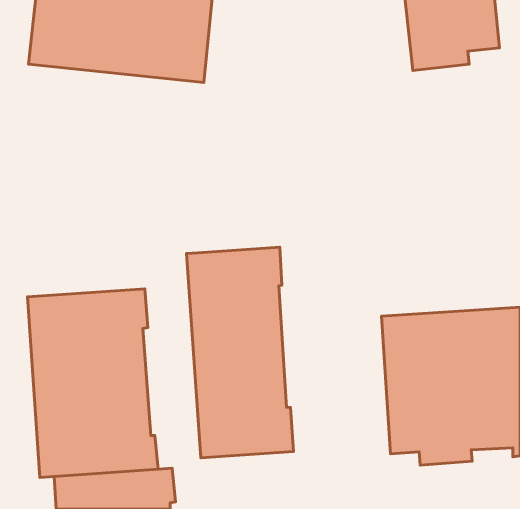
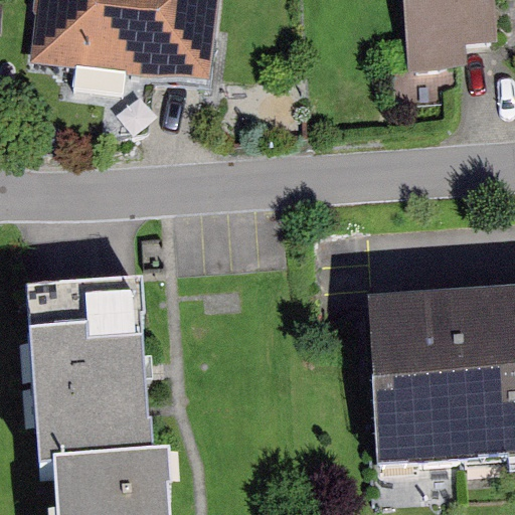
building: [187,247,293,458] -> none

